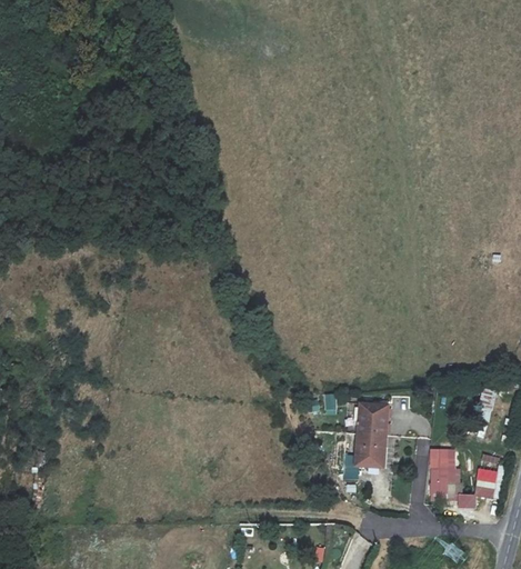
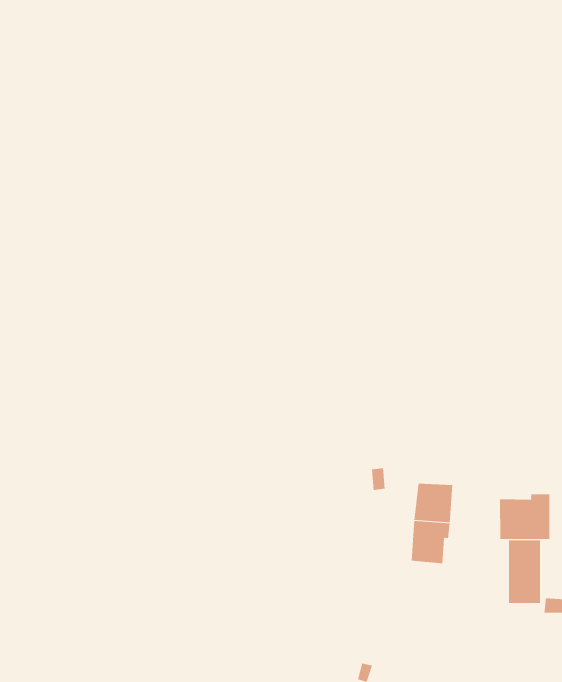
building: none -> [500,494,550,540]

